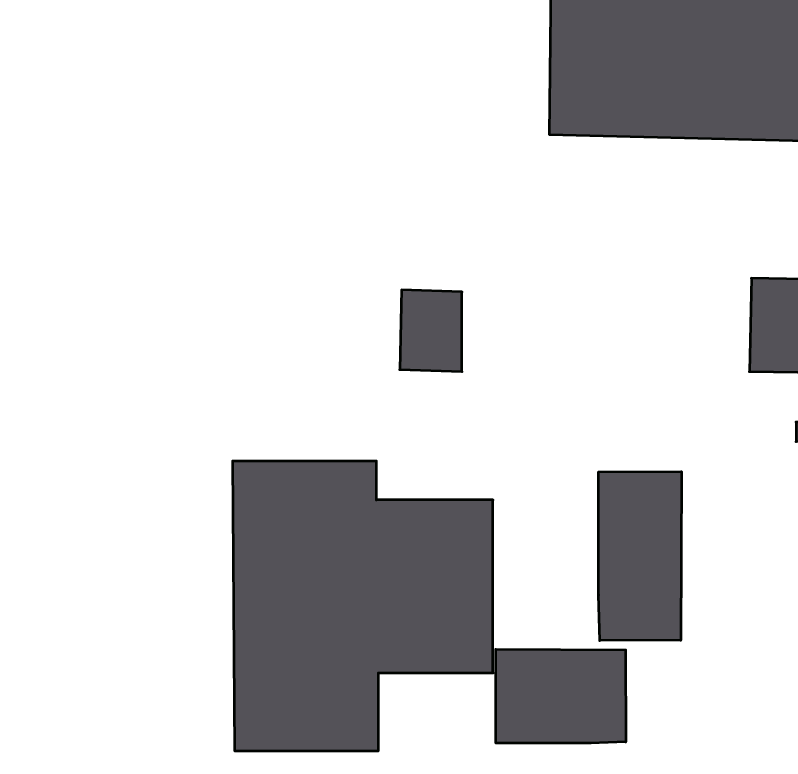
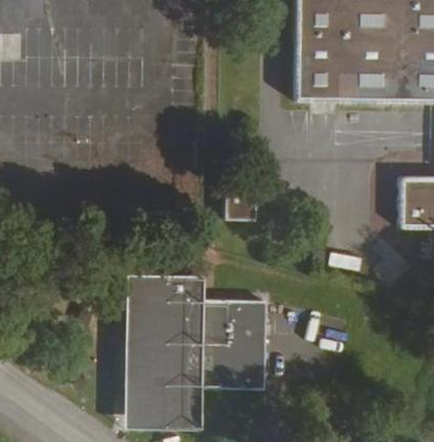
building: [599,472,681,641] -> none
building: [496,649,626,743] -> none

